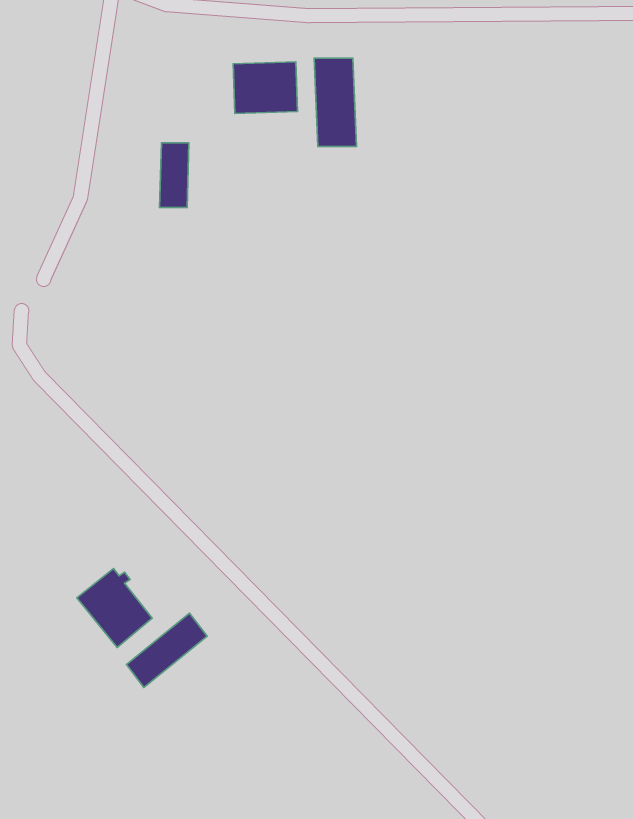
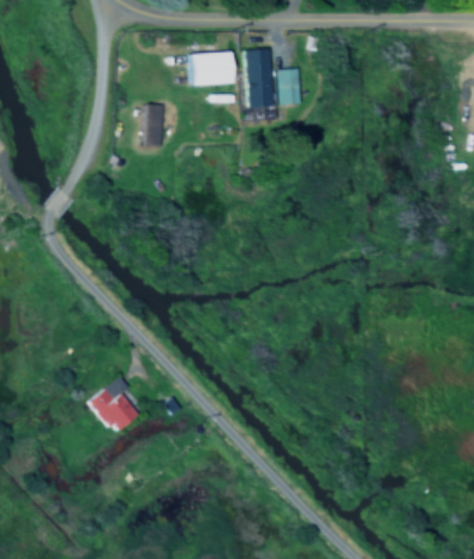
building: none -> [276,68,298,104]
building: [126,613,207,688] -> none

